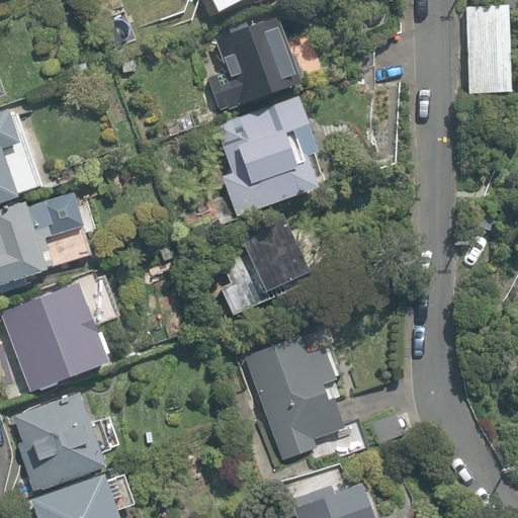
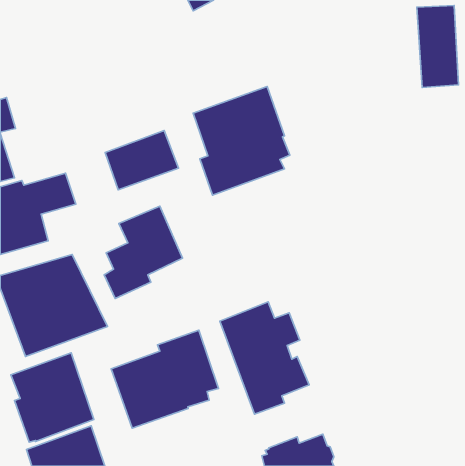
building: [208,14,300,110] -> none
building: none -> [105,130,178,190]
building: [221,212,308,315] -> [104,206,183,298]
building: none -> [111,330,219,428]

